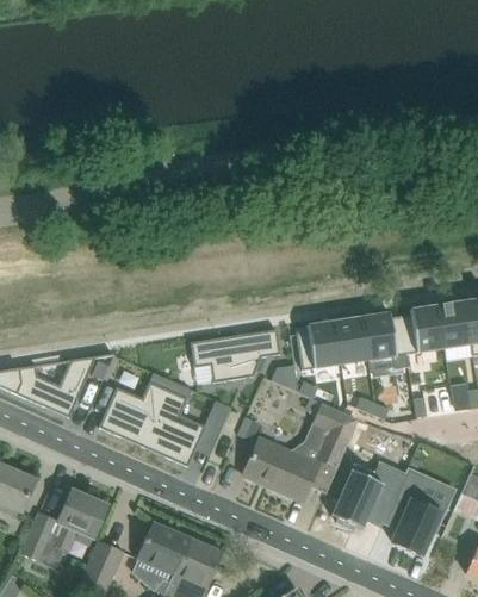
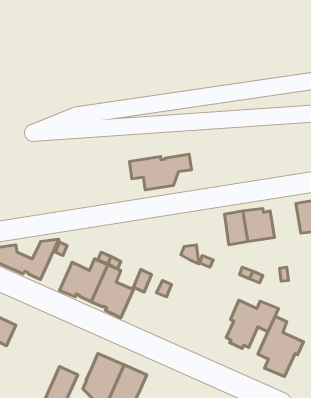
building: [401,305,445,354] -> none
building: [296,321,341,371] -> none
building: [191,331,280,383] -> [129,154,192,190]
building: [243,404,356,500] -> none
building: [21,490,107,561] -> none

